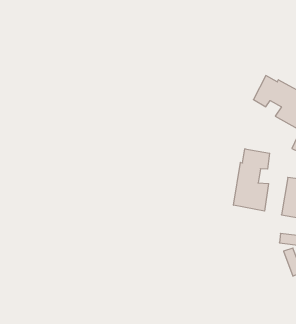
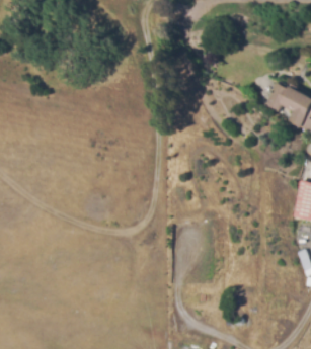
building: [234,149,270,211] -> none

